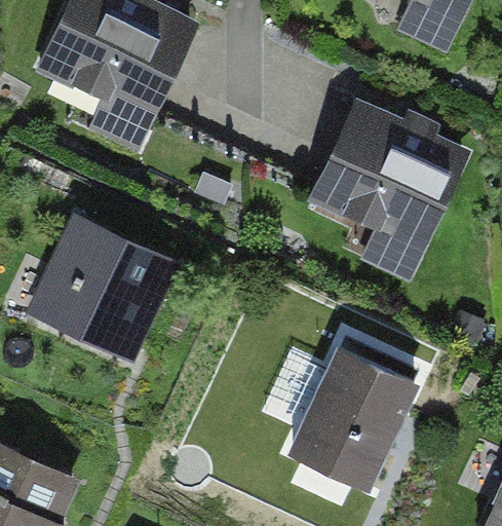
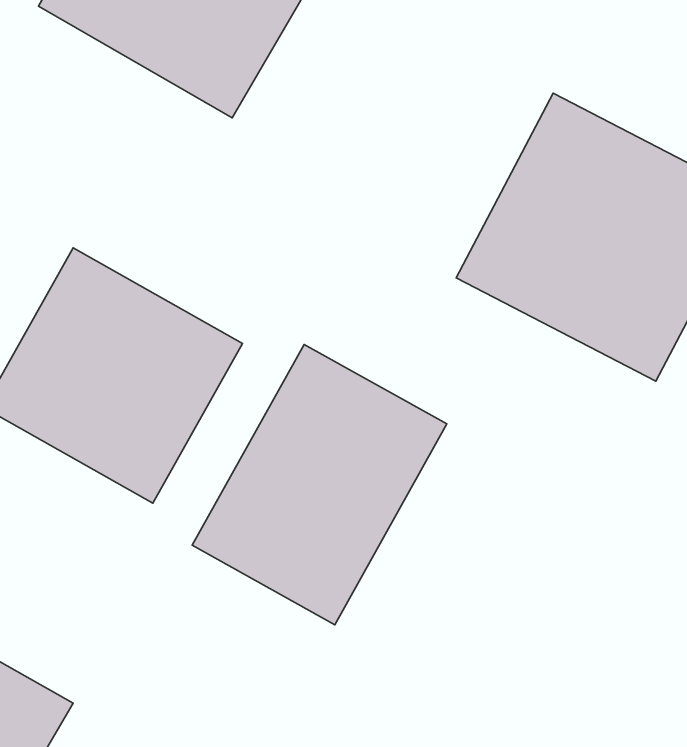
building: none -> [192,345,447,625]
building: [292,344,418,480] -> none

